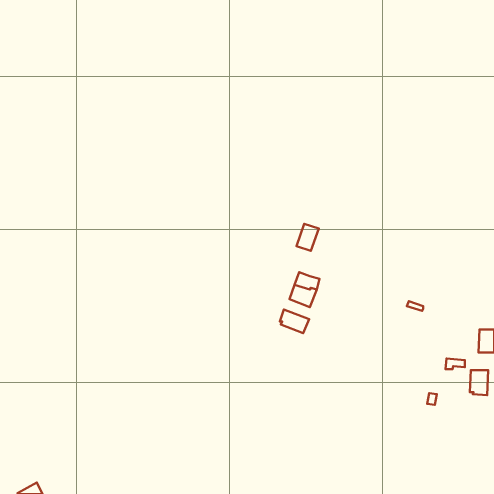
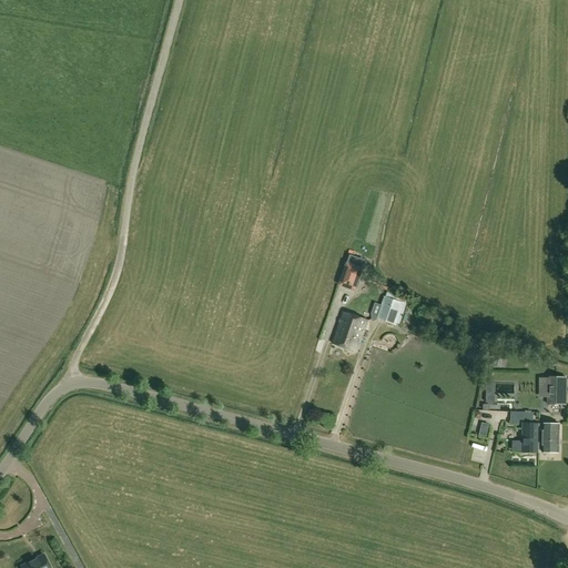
building: none -> [376,296,402,324]
building: [280,310,309,333] -> none
building: none -> [521,423,539,453]

